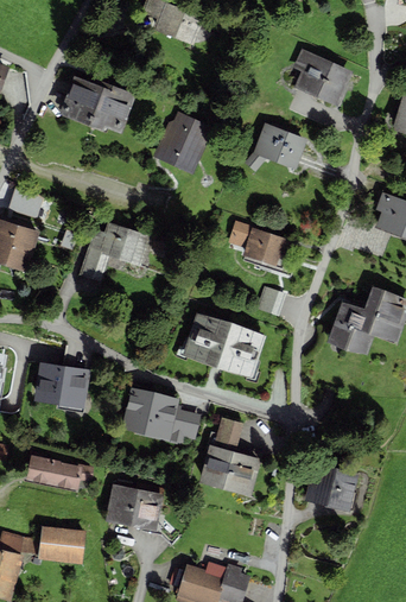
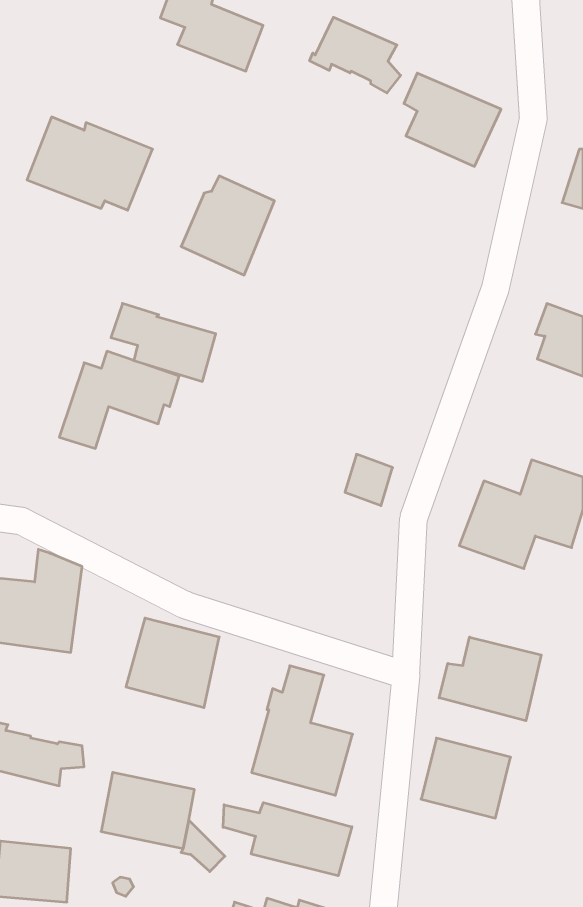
building: none -> [310,17,401,93]
building: [245,123,306,171] -> none
building: [228,221,293,270] -> [111,303,216,381]
building: [182,312,266,378] -> none
building: none -> [439,637,541,721]
building: [171,408,202,441] -> none
building: none -> [223,803,352,876]

